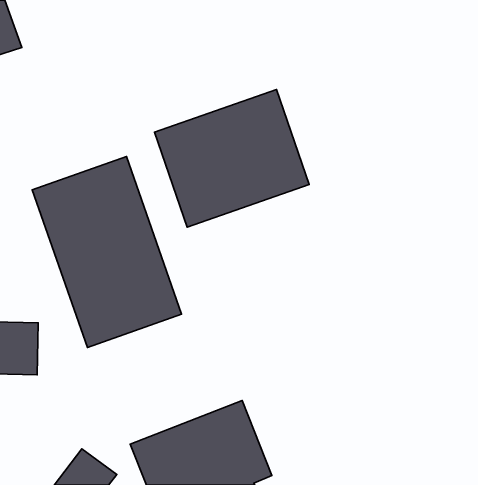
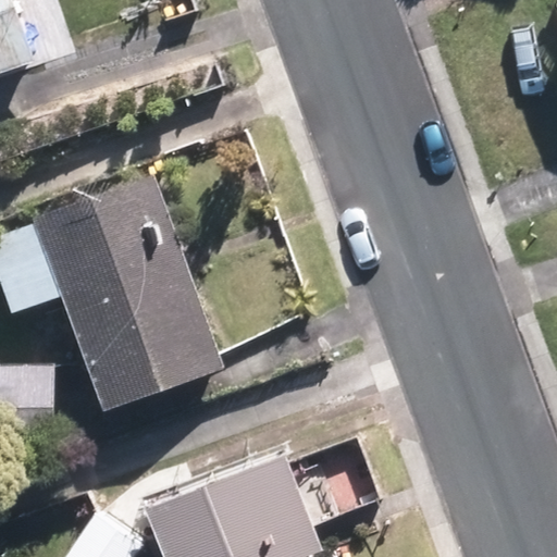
building: [154,90,309,227] -> none

